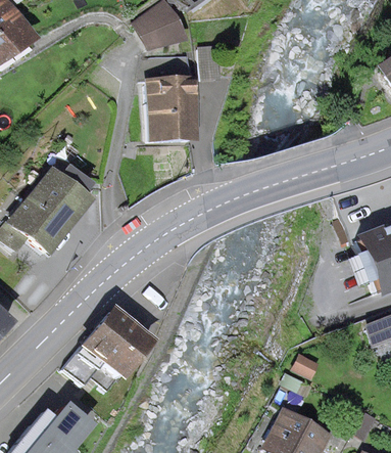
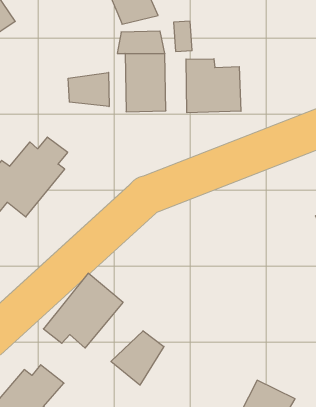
building: none -> [186,59,241,113]
building: none -> [68,72,109,107]
building: none -> [111,331,164,385]

